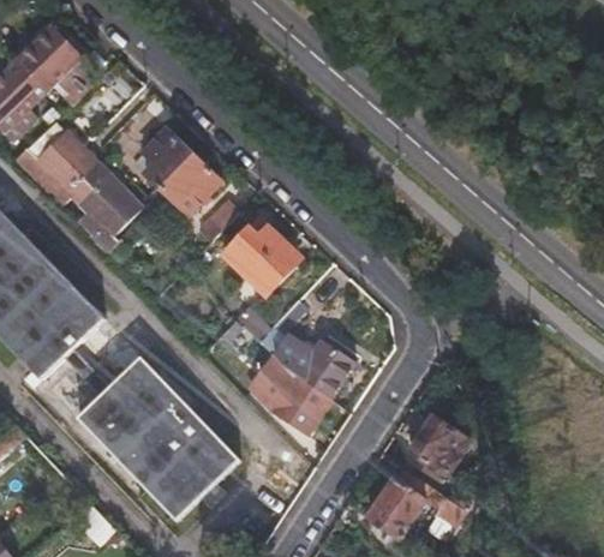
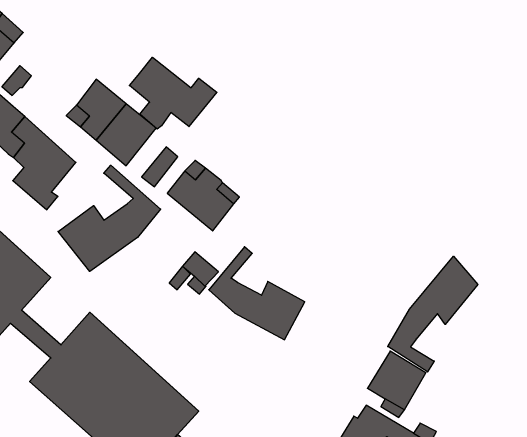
building: none -> [129,57,217,129]
building: none -> [58,165,161,271]
building: none -> [388,256,478,372]
building: [273,367,331,433] -> none

